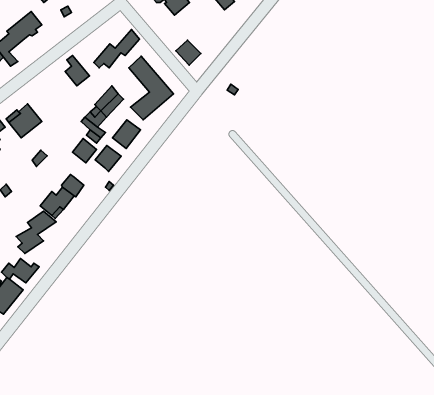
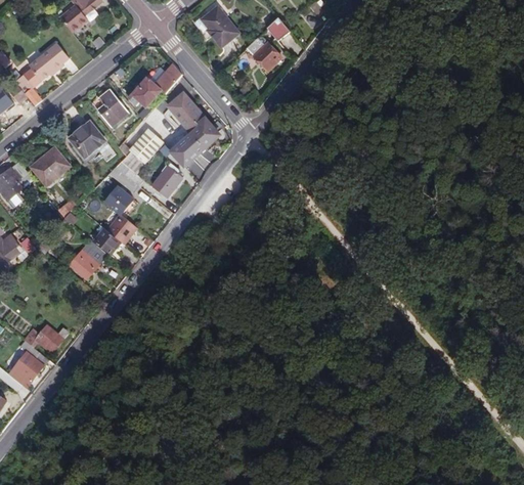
building: [176,40,201,65] -> [253,42,281,71]
building: none -> [68,123,104,159]
building: [95,145,121,171] -> [106,215,136,245]
building: [16,211,56,254] -> none

